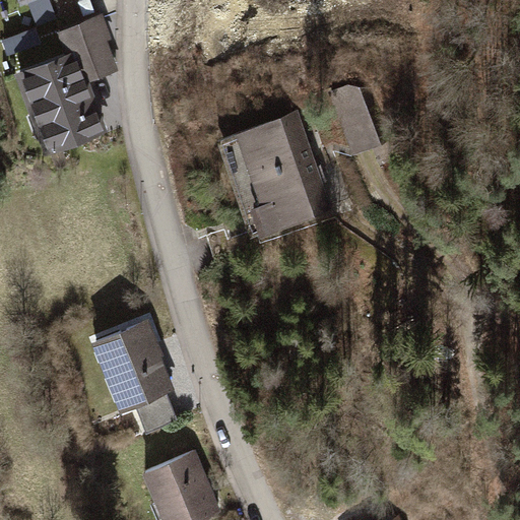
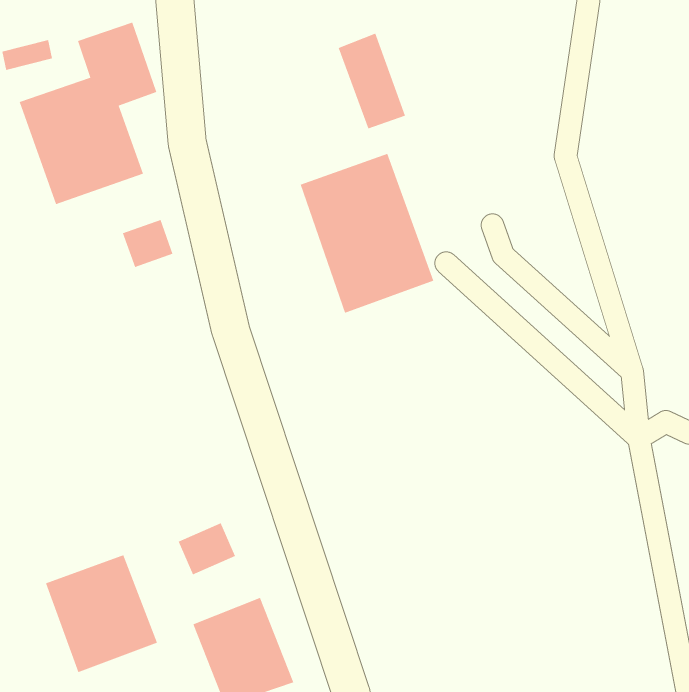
building: [329,82,380,154] -> [338,33,406,129]
building: none -> [122,219,173,268]
building: [89,317,174,405] -> [45,555,158,673]

